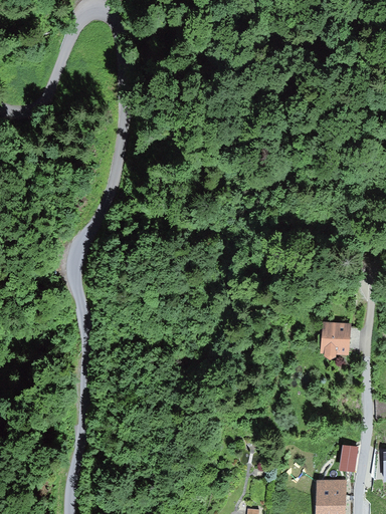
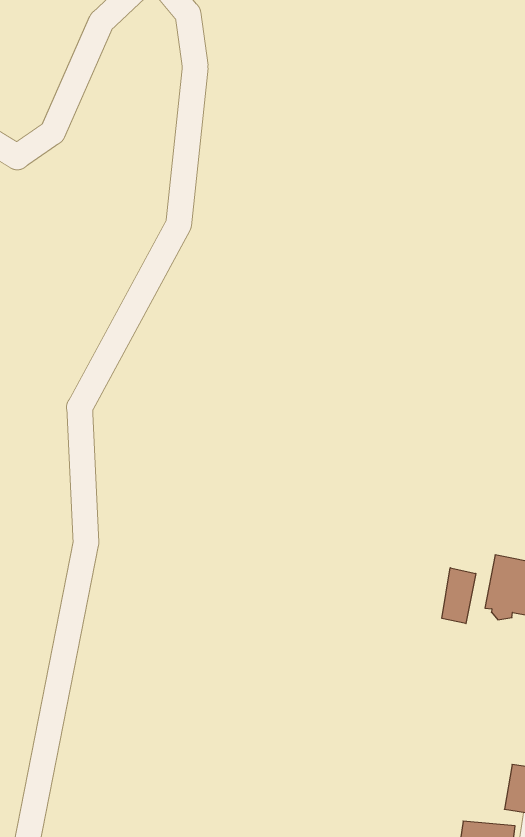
building: none -> [442,568,476,624]

